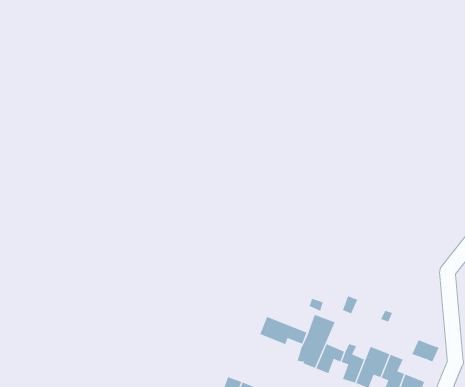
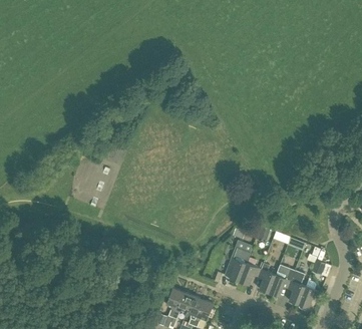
building: [260,316,307,345] -> none

